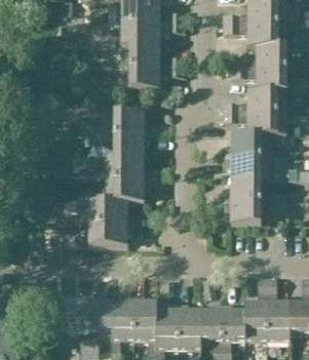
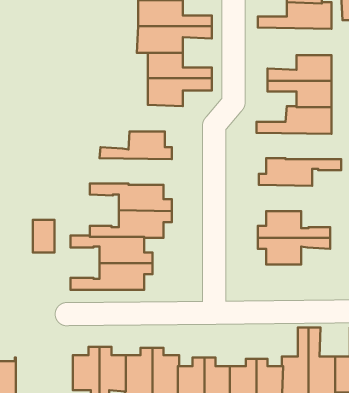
building: [224,24,286,47] -> none
building: [223,113,295,135] -> none
building: [89,134,151,157] -> none
building: [224,157,297,181] -> none

